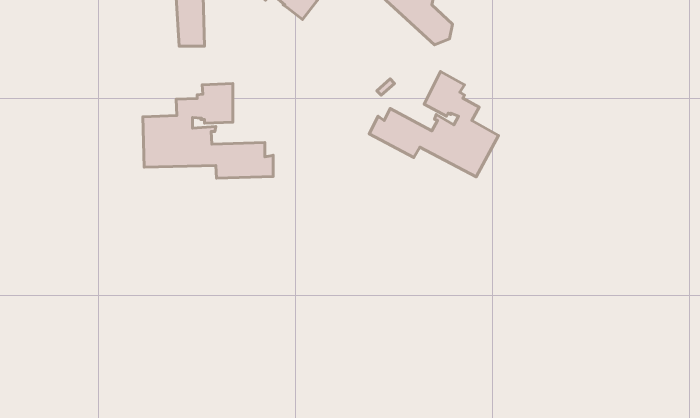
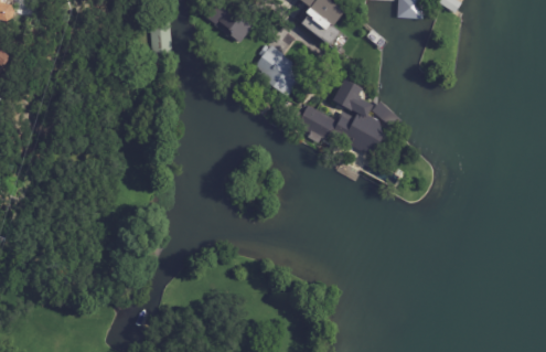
building: none -> [255,45,303,96]
building: [143,83,273,178] -> none

